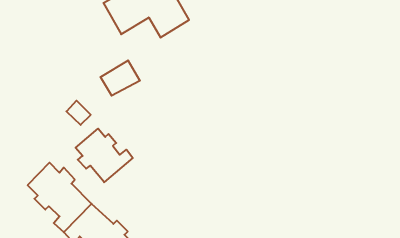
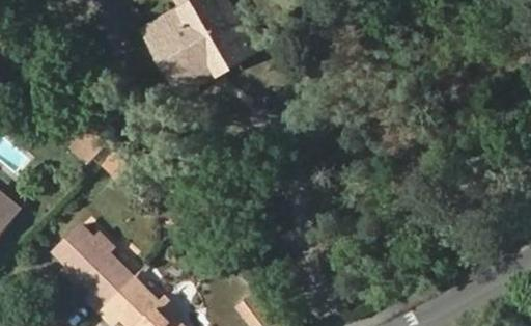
building: [100,60,140,96] -> [168,45,217,88]
building: [76,129,133,182] -> none

